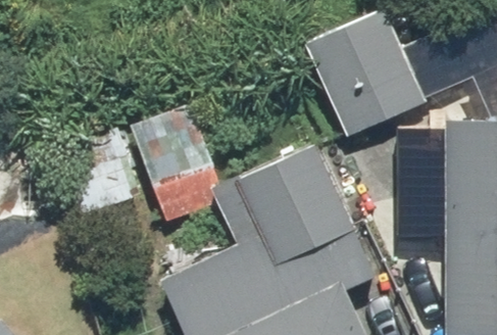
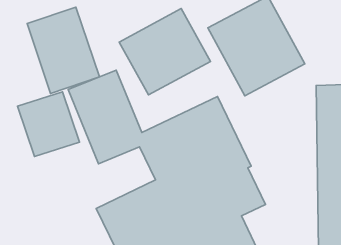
building: none -> [27,7,99,93]
building: none -> [119,9,210,95]

